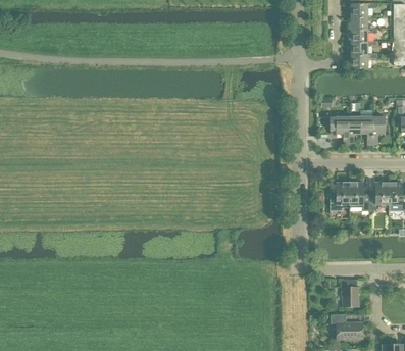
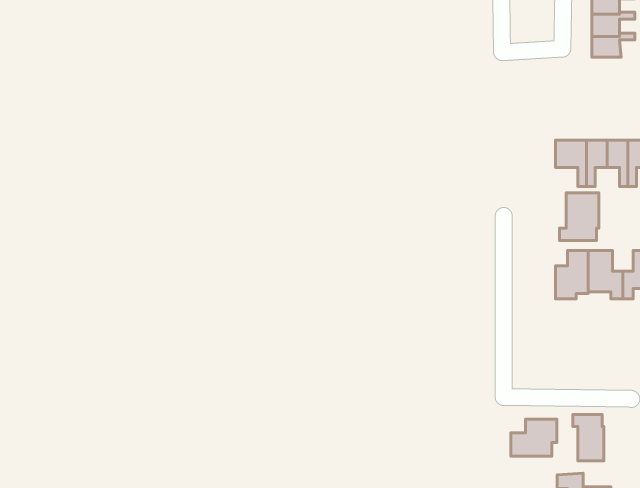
building: none -> [560,193,599,240]
building: none -> [511,419,557,456]

